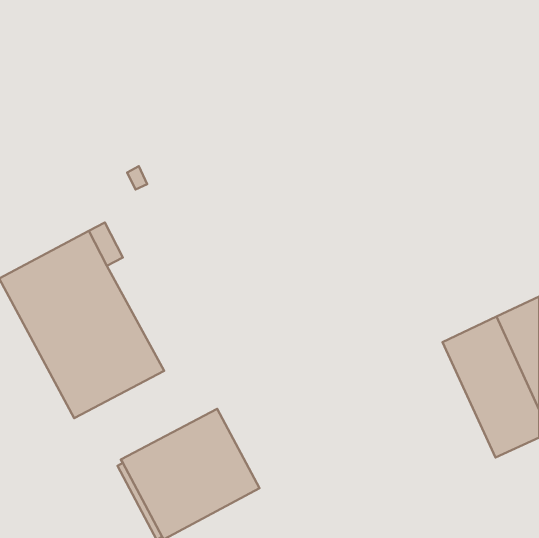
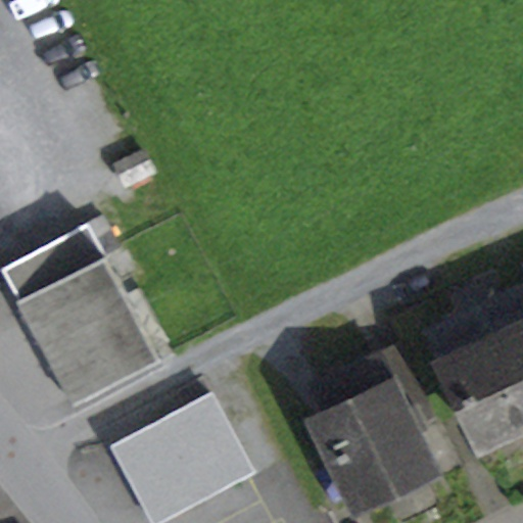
building: none -> [319,348,435,505]

